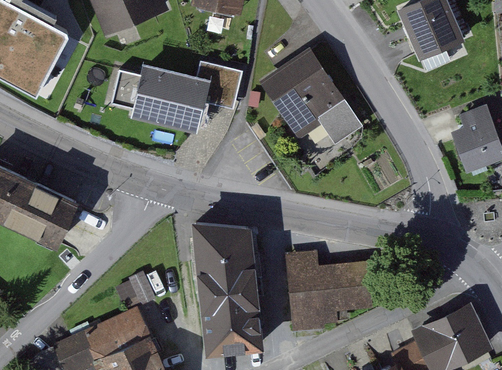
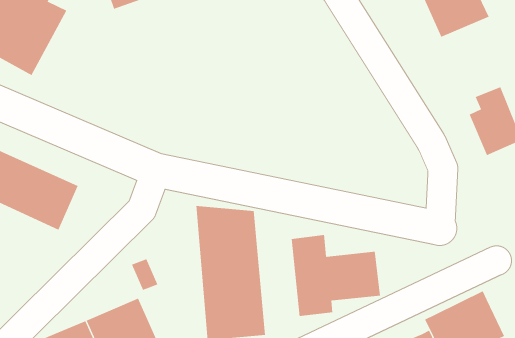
building: [262,50,362,146] -> none
building: [108,59,238,137] -> none

